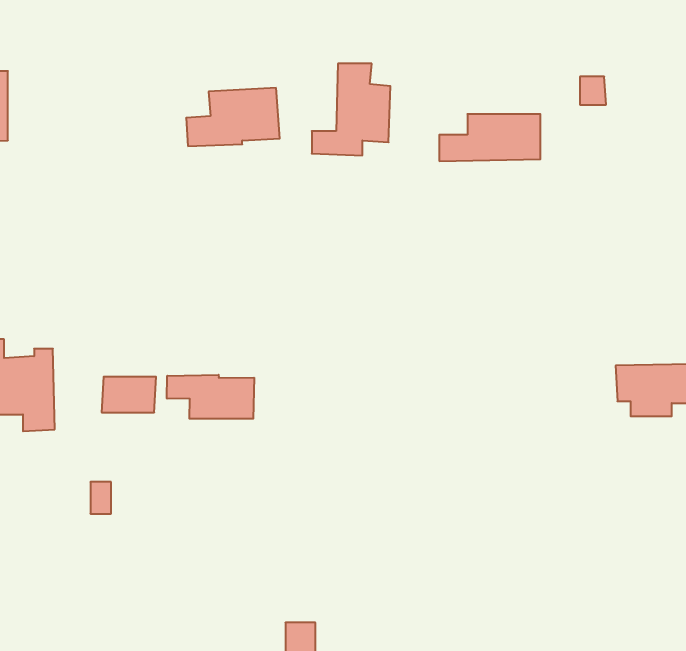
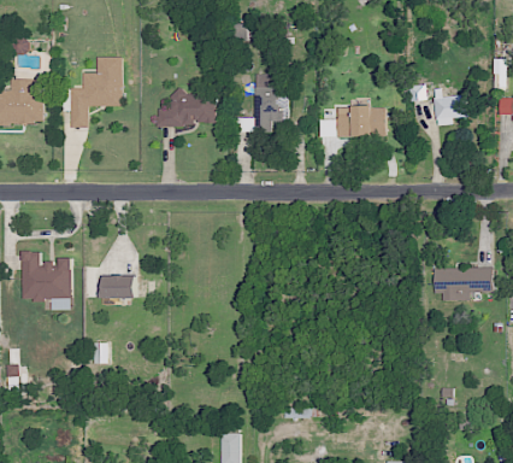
building: none -> [70,57,122,127]
building: none -> [434,95,470,124]
building: [167,375,254,419] -> none

